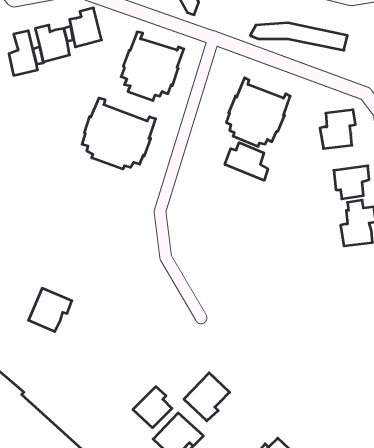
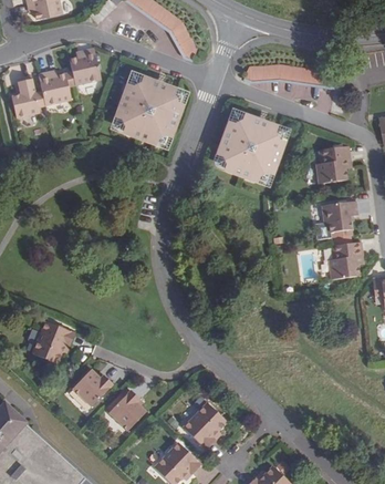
building: [82,98,156,169] -> none
building: [225,143,268,180] -> none
building: none -> [70,370,111,408]
building: [133,387,172,428] -> [106,391,144,431]

